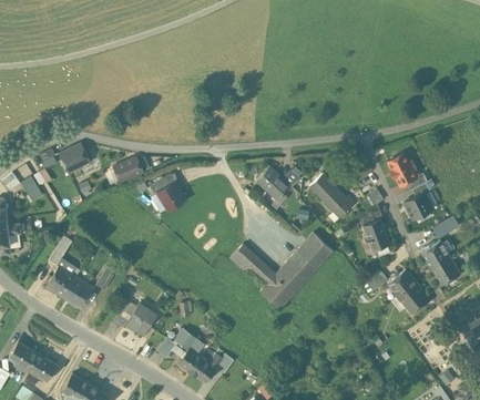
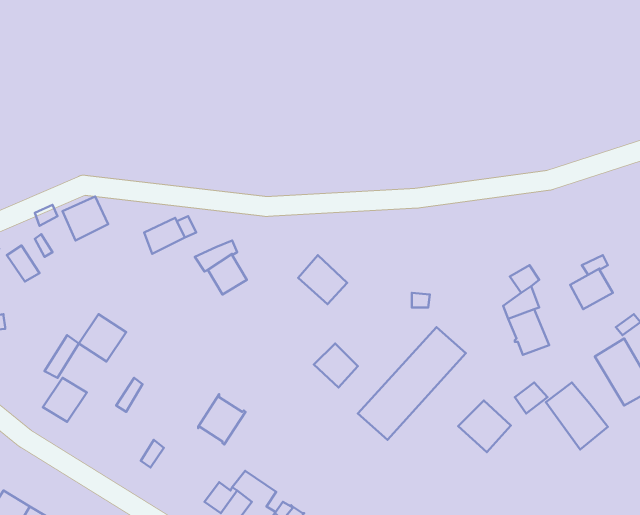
building: [387,154,420,186] -> none
building: [257,166,290,199] -> [298,255,347,304]
building: [309,173,355,217] -> none
building: [63,276,95,308] -> [79,314,126,361]
building: none -> [458,401,511,452]
building: [126,302,159,337] -> [198,394,245,445]

